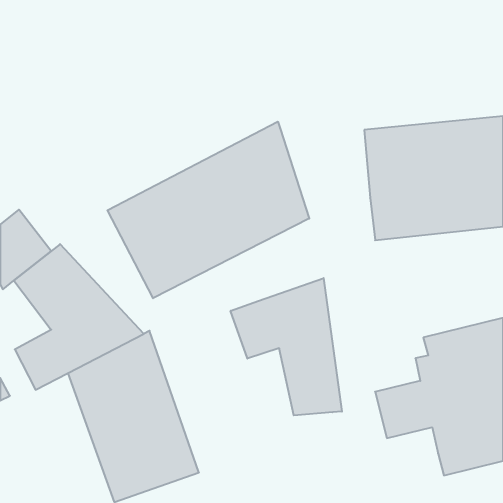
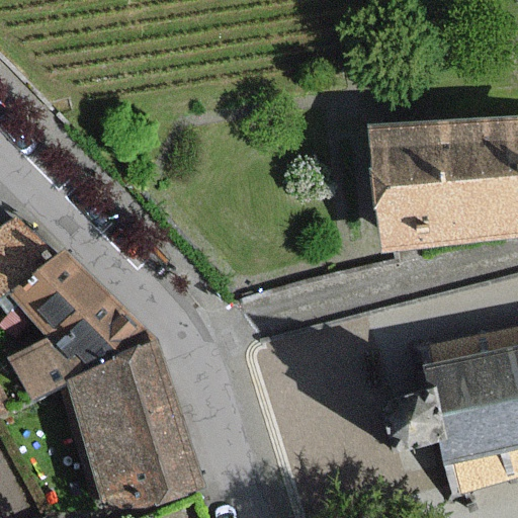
building: [107,122,309,298] -> none
building: [231,278,342,415] -> none

